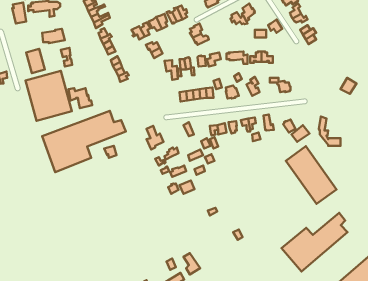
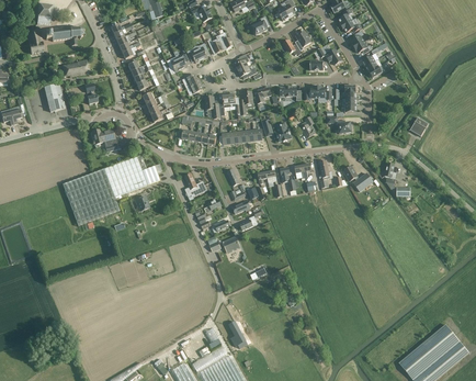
building: [26,71,72,121] -> none
building: [286,146,337,204] -> none
building: [281,213,347,271] -> none

